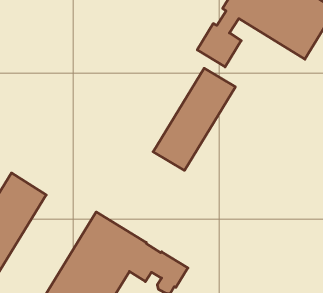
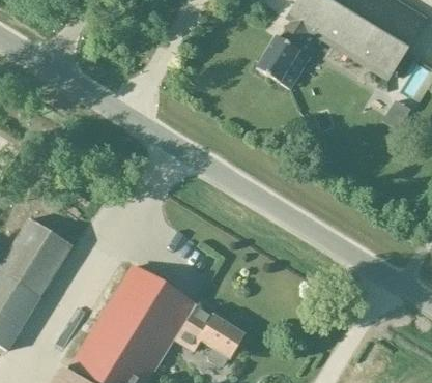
building: [153,68,235,170] -> none

